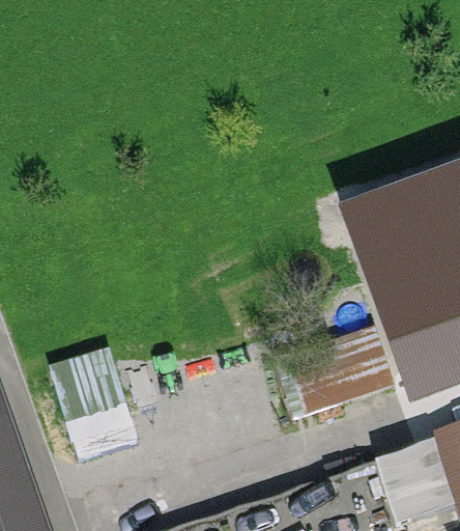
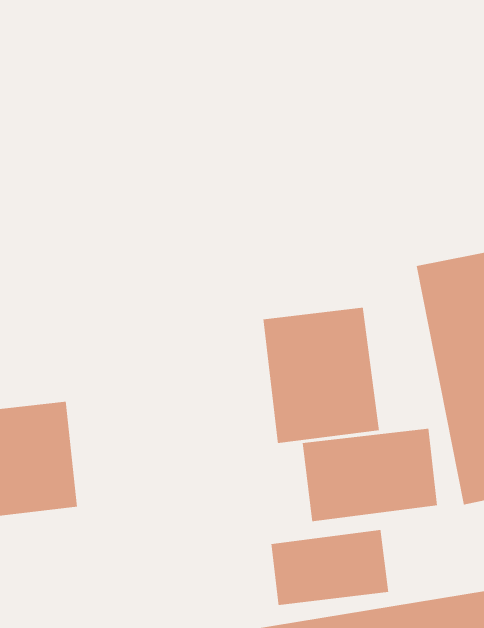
building: none -> [263,307,379,444]
building: none -> [271,529,389,606]

